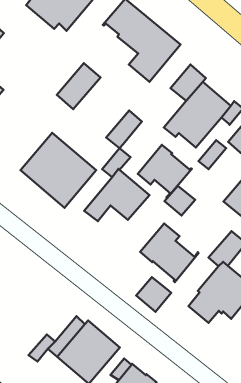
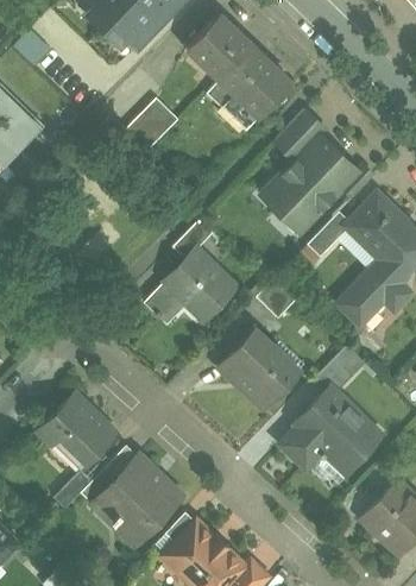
building: [106,111,142,148] -> none
building: [20,133,96,208] -> none
building: [138,145,192,198] -> none
building: [136,277,171,312] -> none
building: none -> [37,392,116,465]

